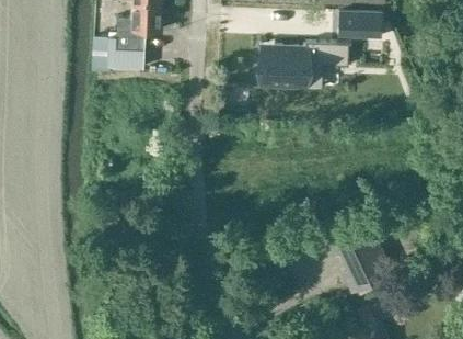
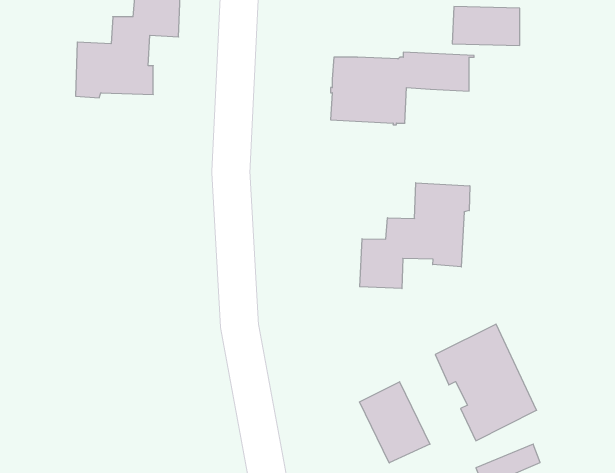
building: none -> [360,183,470,289]
building: none -> [360,382,430,463]

